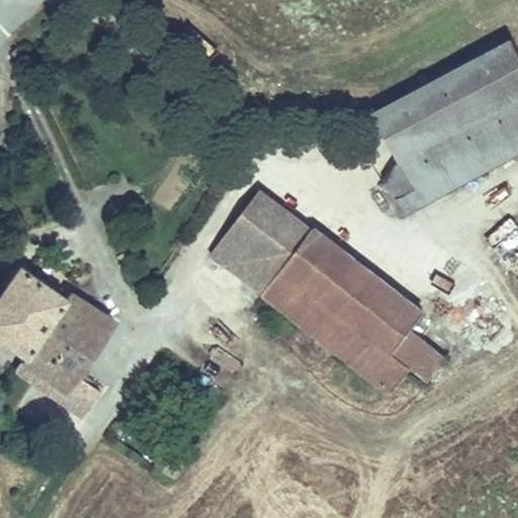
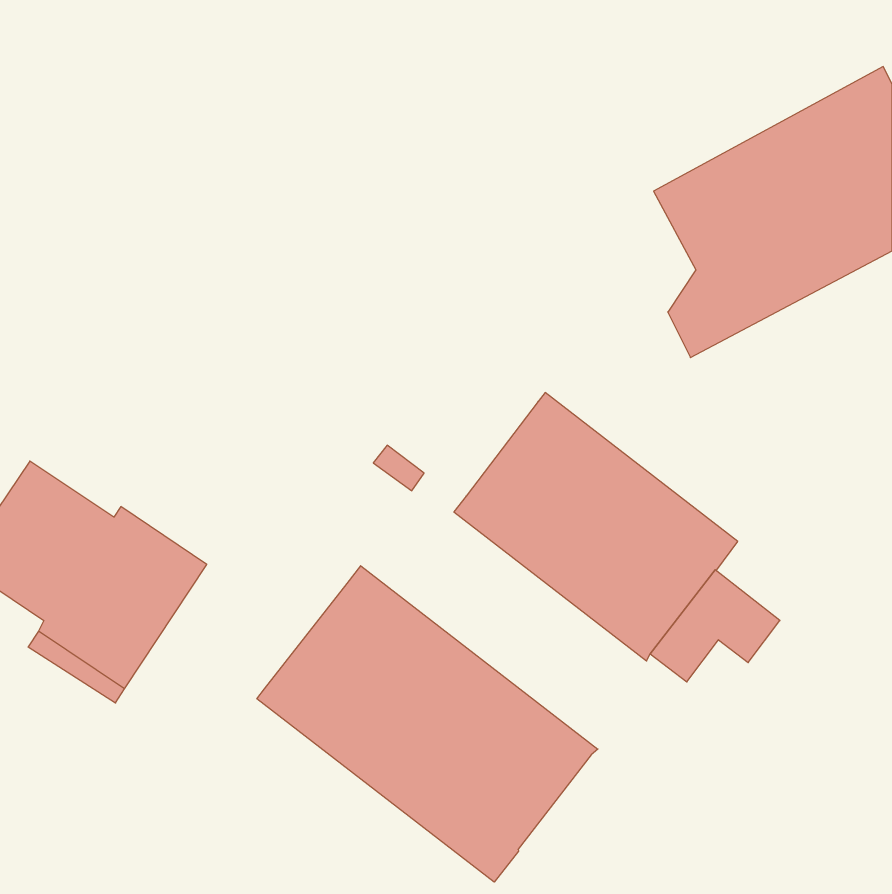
building: [222,195,311,287] -> none
building: none -> [257,566,598,882]

